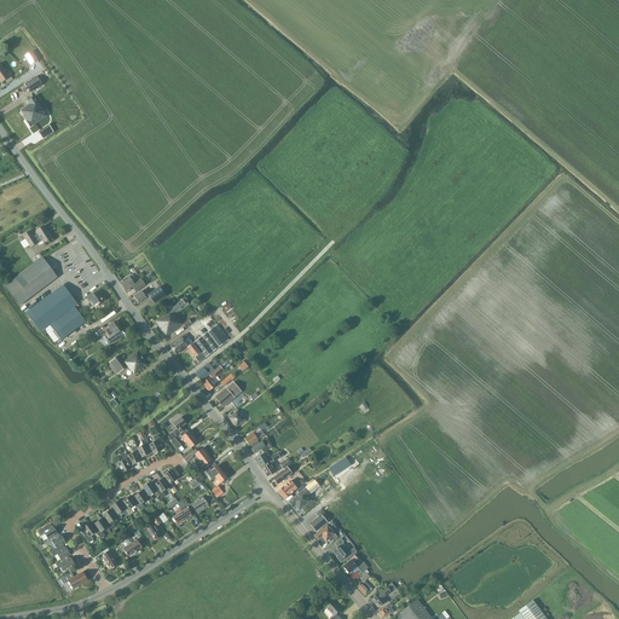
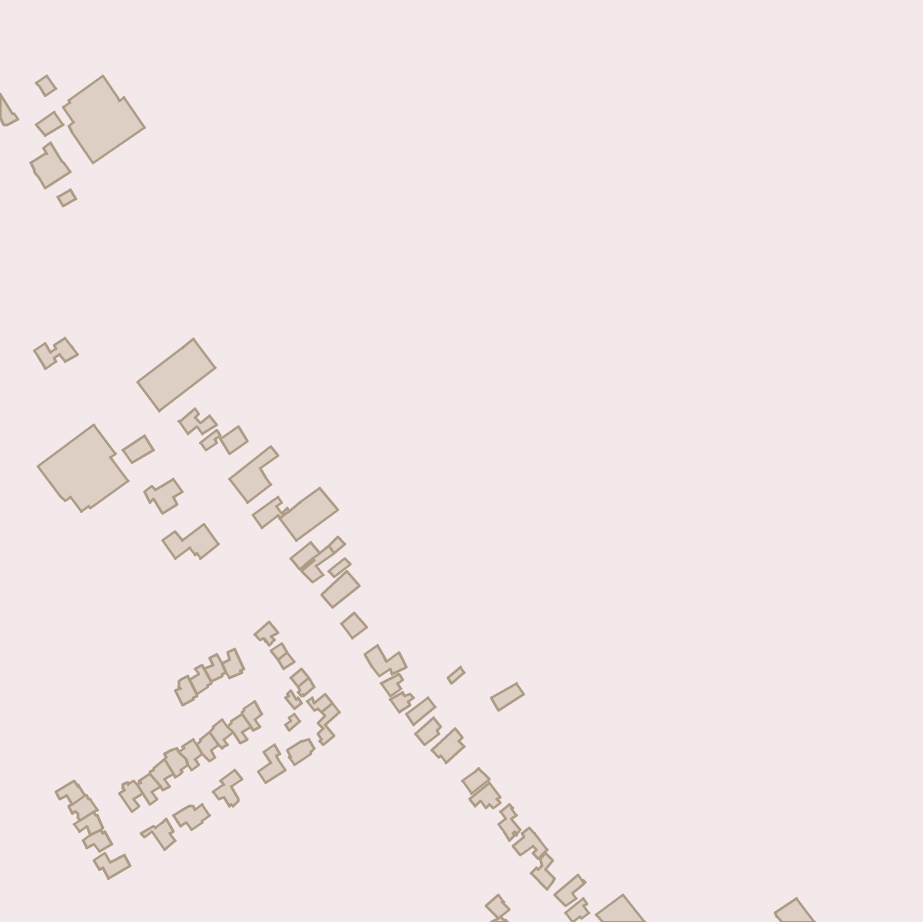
building: none -> [63,76,145,163]
building: [5,256,57,305] -> [138,339,215,411]

